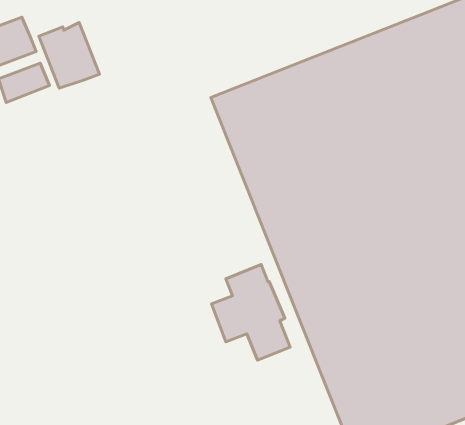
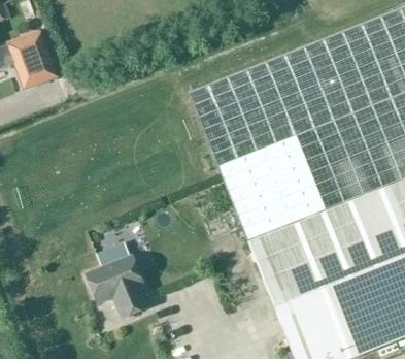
building: [39,22,100,88] -> none
building: [211,264,290,360] -> [86,241,147,317]

